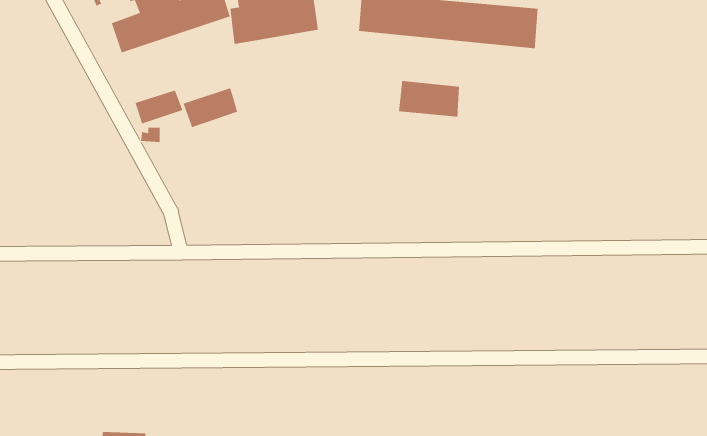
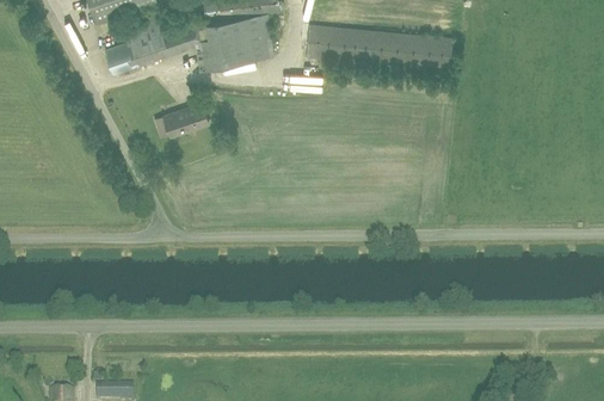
building: [398,80,460,117] -> none
building: [135,89,183,125] -> none

